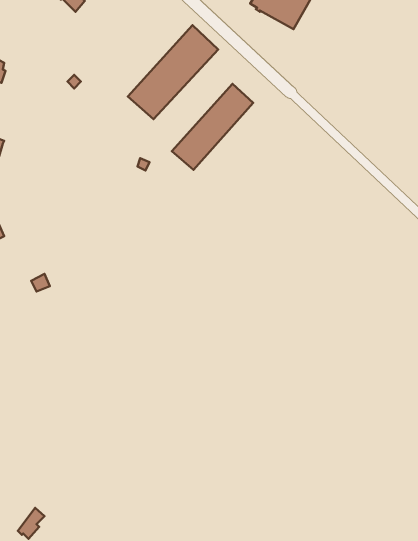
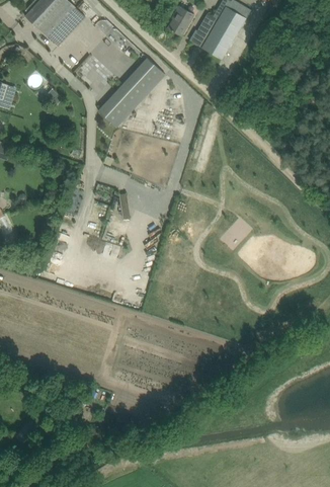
building: [172,84,253,170] -> none

